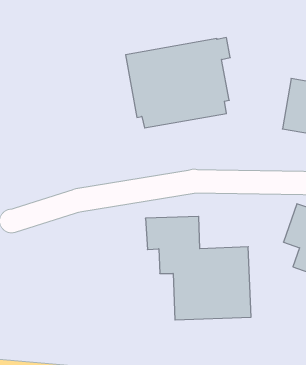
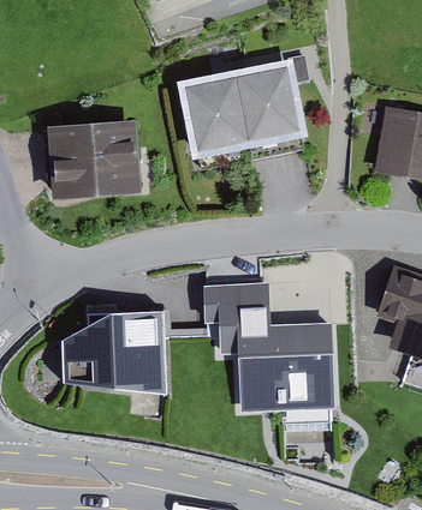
building: none -> [48,120,141,198]
building: none -> [61,310,166,396]

